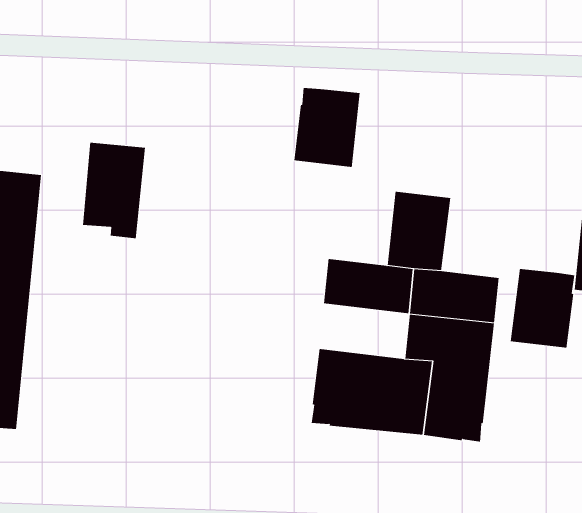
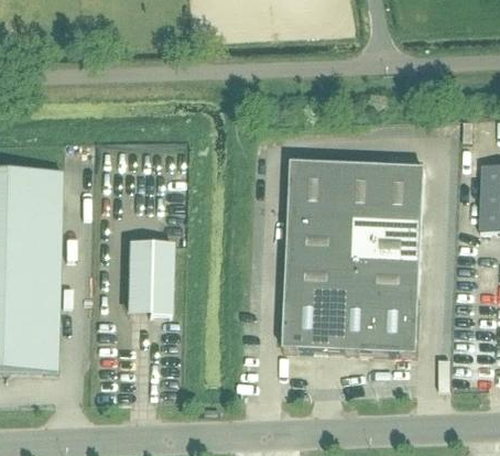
building: [293,88,361,168] -> [287,161,336,220]
building: [82,142,146,239] -> [127,240,172,313]
building: [510,268,575,348] -> [377,164,424,224]
building: none -> [285,253,354,292]

